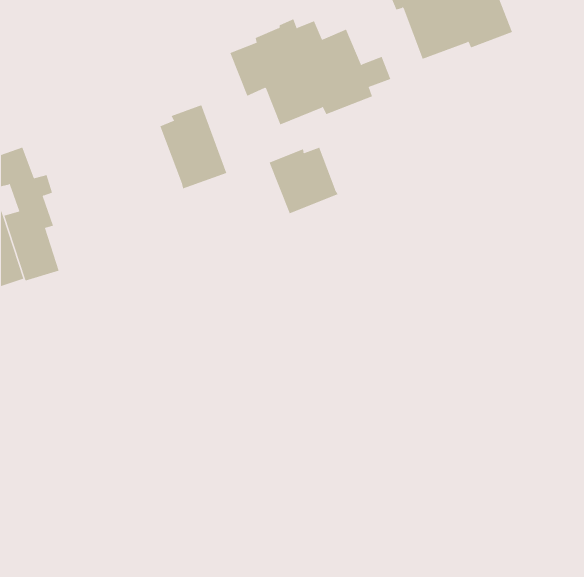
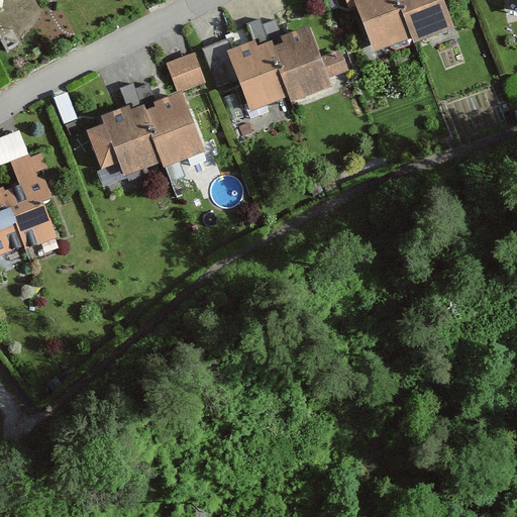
building: none -> [168,51,206,90]
building: none -> [88,106,162,176]
building: [269,147,339,214] -> none

